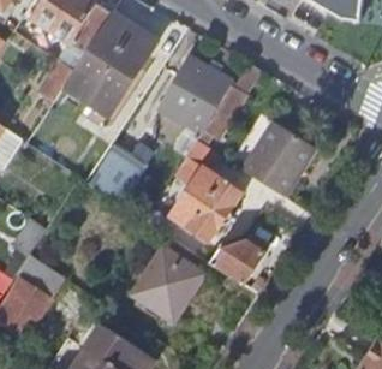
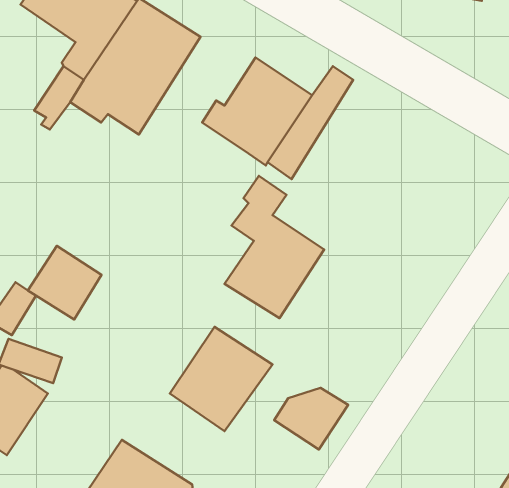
building: [250,109,326,184] -> none
building: [94,144,145,196] -> [28,246,102,320]
building: [214,239,265,282] -> [274,388,348,449]

